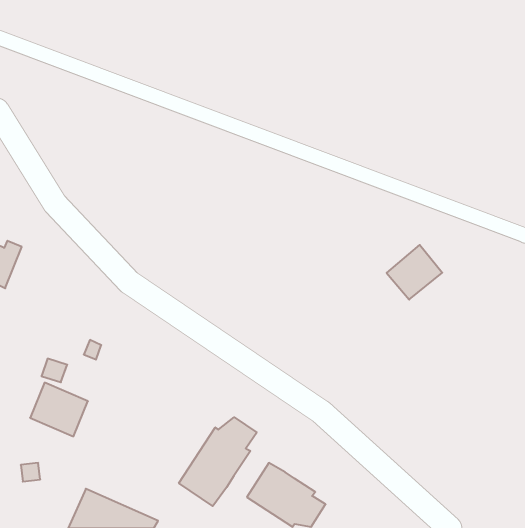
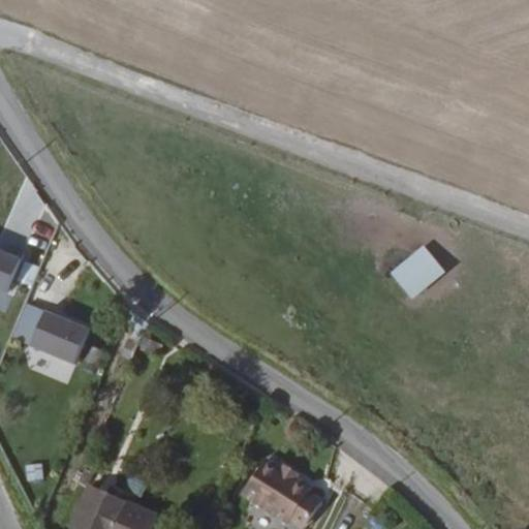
building: [30,383,88,436] -> [30,305,88,359]
building: [179,417,257,506] -> none

